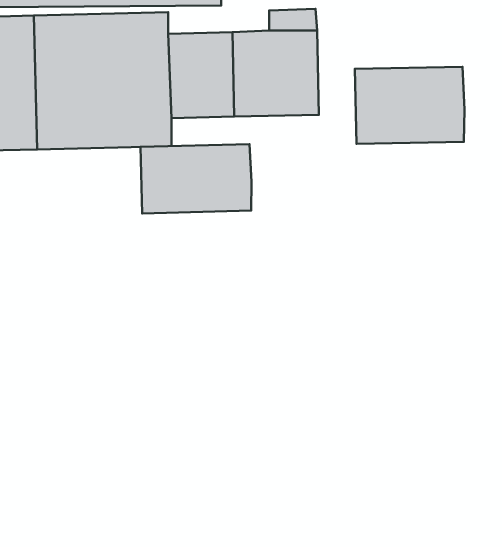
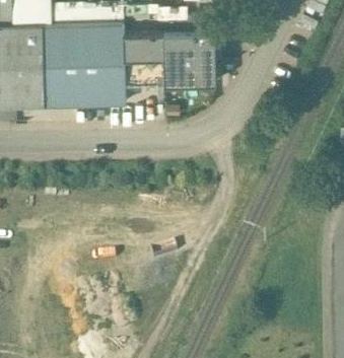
building: [355,67,464,144] -> none
building: [141,144,252,213] -> none

